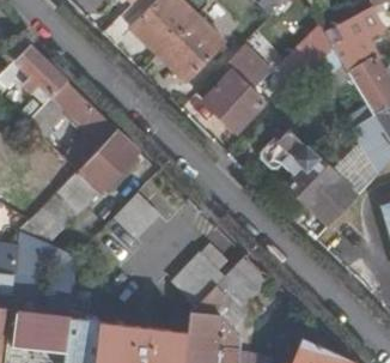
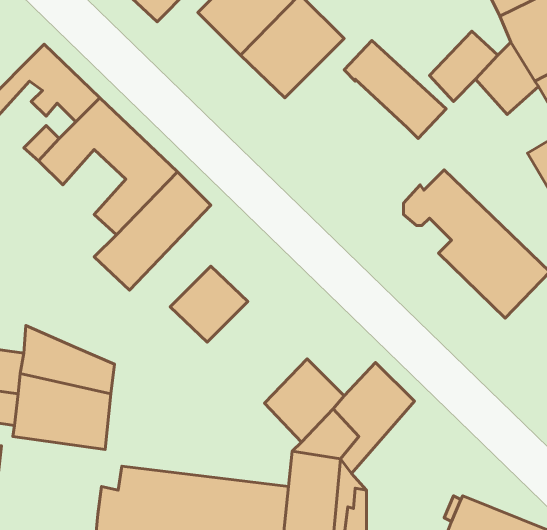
building: [202,69,264,131] -> none
building: [18,184,85,243] -> none
building: [13,315,68,351] -> none

